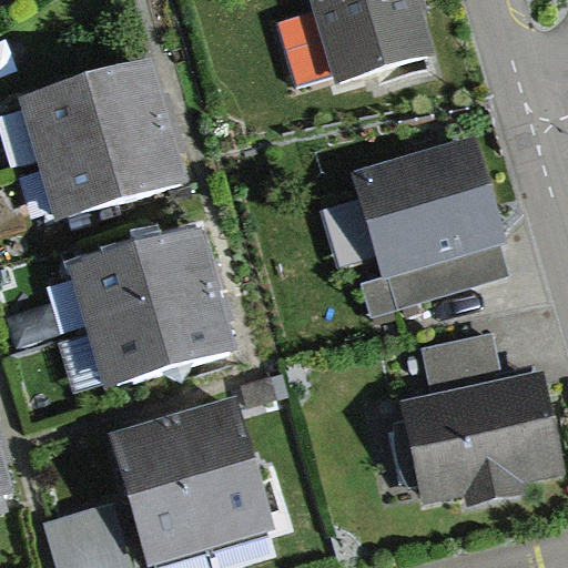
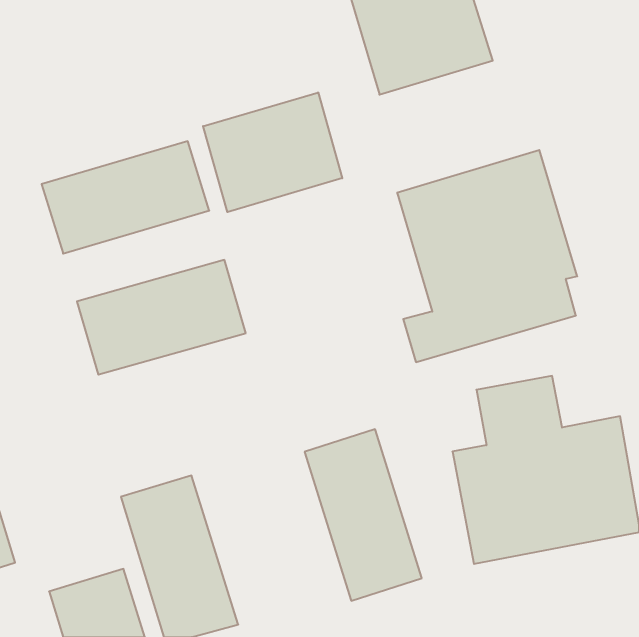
building: [19,63,165,162] -> none
building: none -> [203,92,342,212]
building: [87,293,233,390] -> none
building: [169,398,272,549] -> [305,429,422,601]

